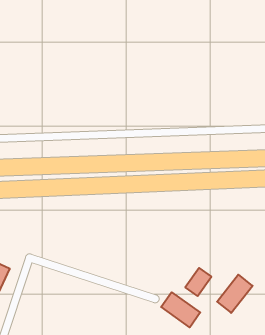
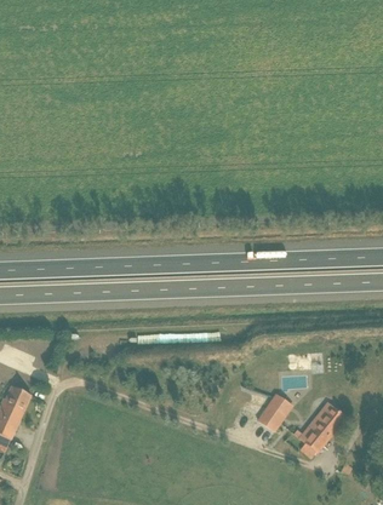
building: [161,292,200,327] -> none

